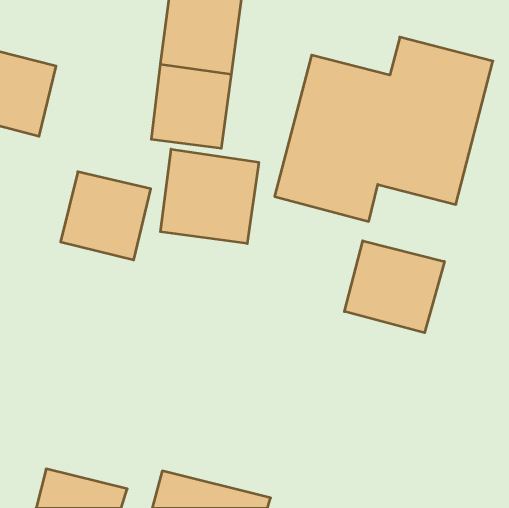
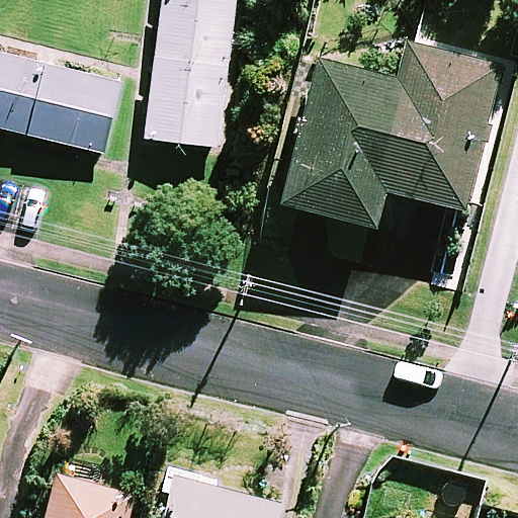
building: [160,149,259,244] -> none
building: [61,172,151,260] -> [39,67,131,156]
building: [344,241,444,333] -> none

